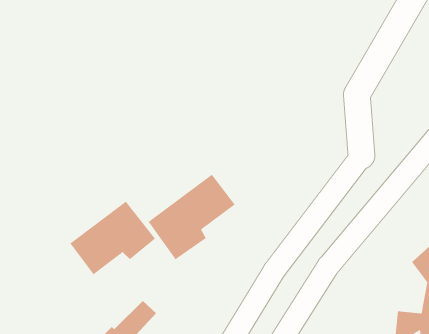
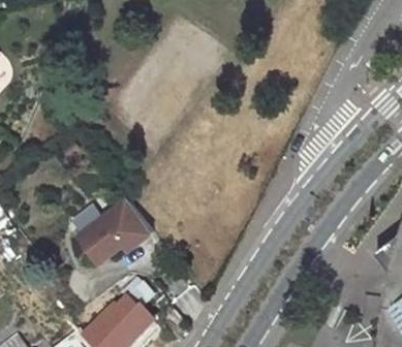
building: [148,174,235,260] -> none

